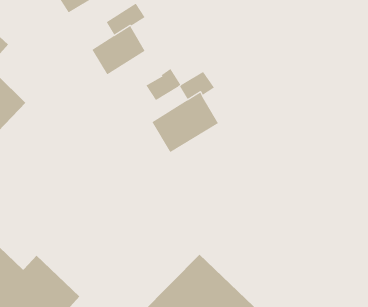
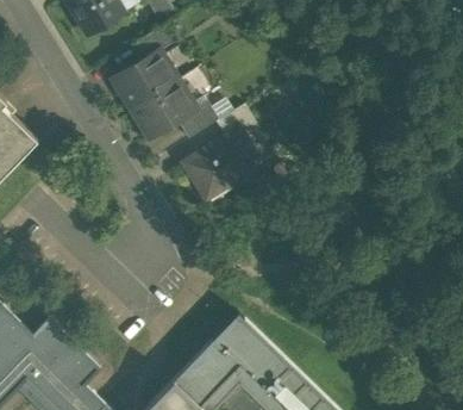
building: none -> [131,80,195,137]

